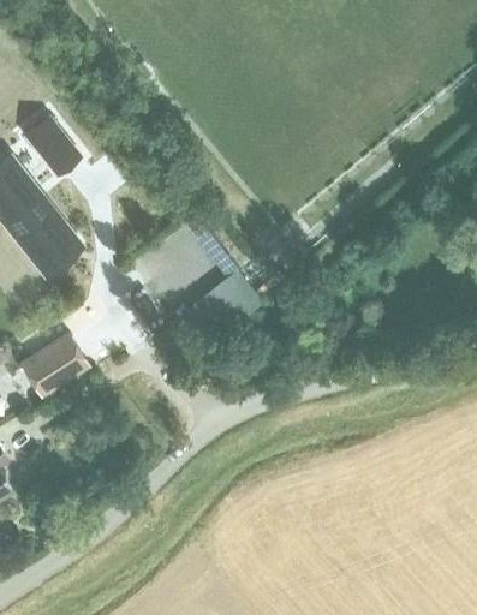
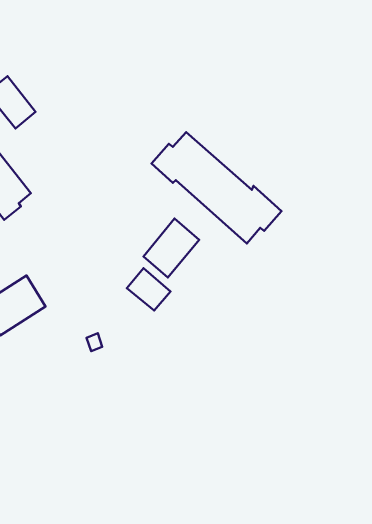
building: none -> [152,132,282,244]
building: none -> [127,268,171,310]

